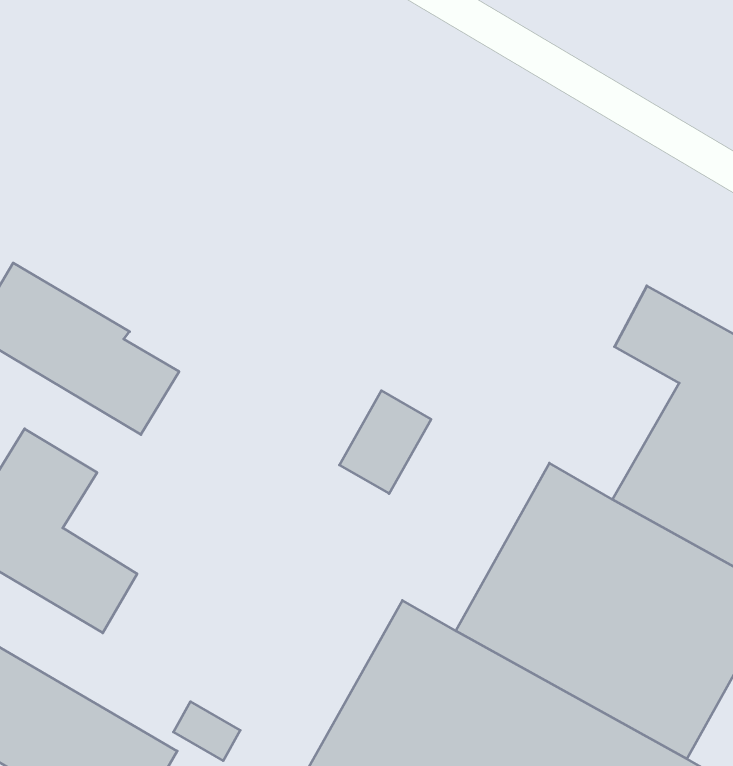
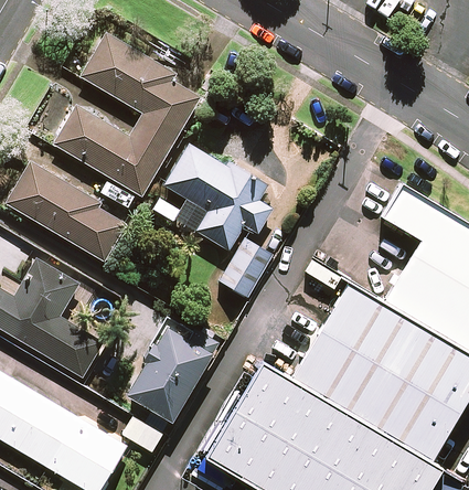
building: none -> [54,34,200,198]
building: none -> [164,145,273,252]
building: none -> [126,315,218,420]

